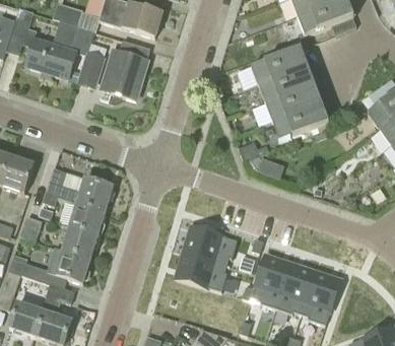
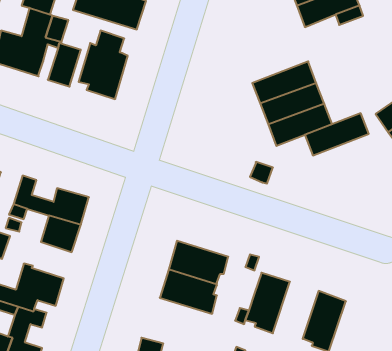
building: [250,48,307,85] -> [305,113,369,155]
building: [61,226,96,259] -> none
building: [275,262,316,313] -> none

